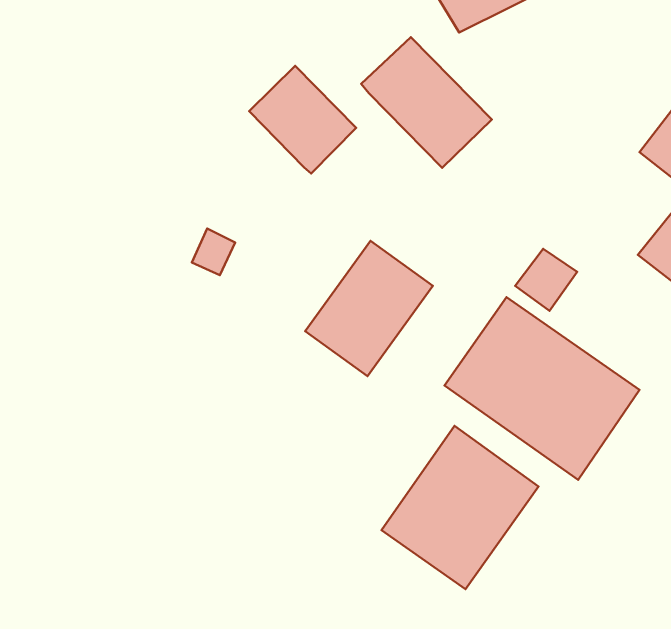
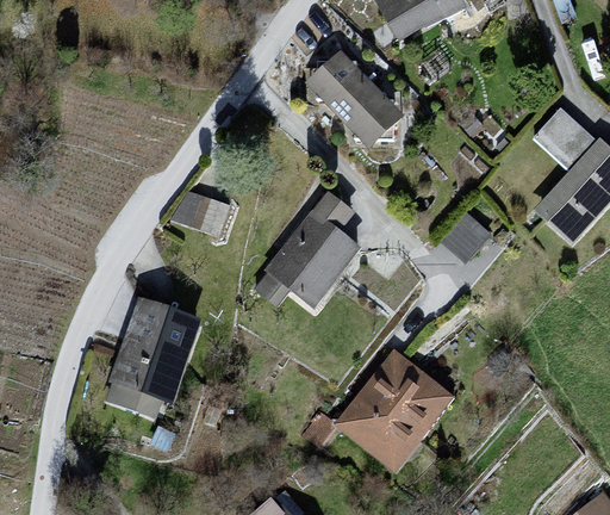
building: [249,66,356,173] -> none
building: [444,297,640,480] -> none
building: none -> [107,283,214,414]

